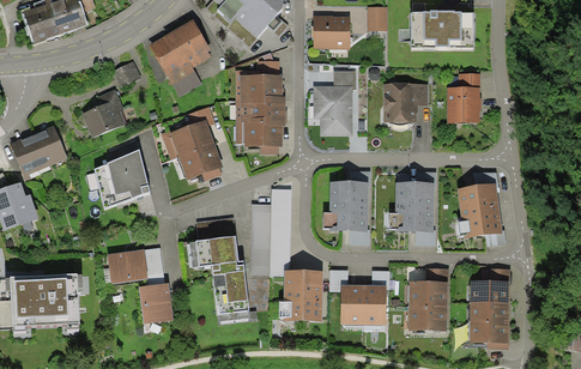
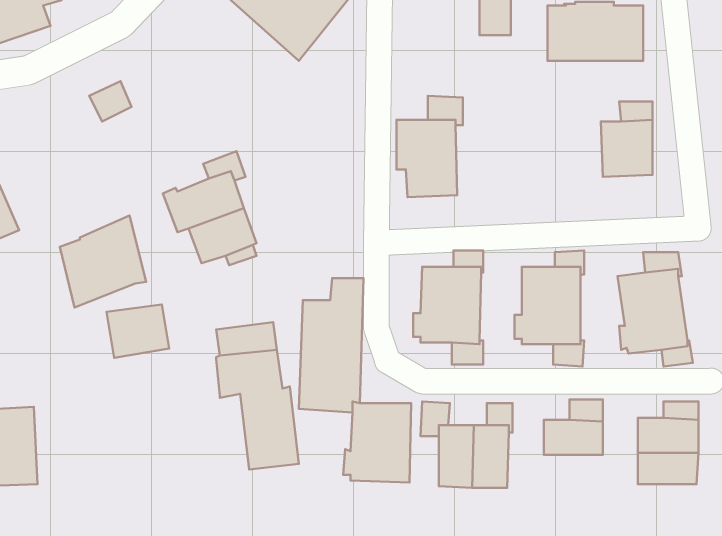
building: [313,17,349,49] -> none
building: [149,19,210,97] -> none
building: [235,61,284,155] -> none
building: [383,85,426,126] -> none
building: [81,90,126,138] -> none
building: [107,249,147,284] -> [107,304,169,358]
building: [138,284,173,325] -> none
building: [407,304,447,332] -> none
building: [468,323,508,343] -> none

